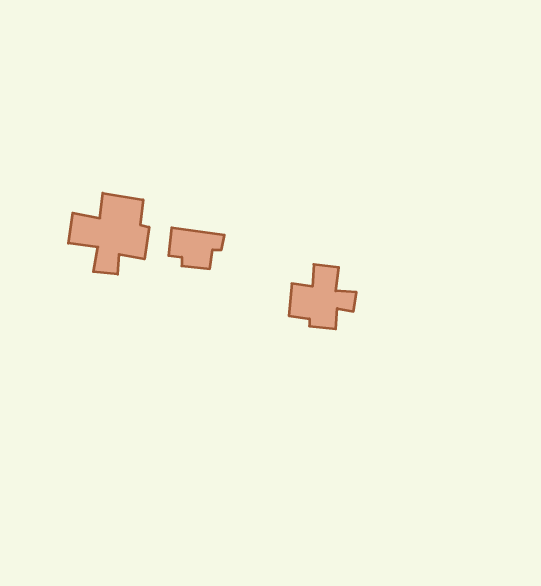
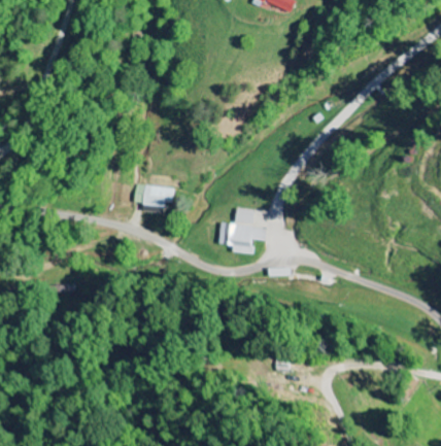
building: [68,193,149,274] -> none

